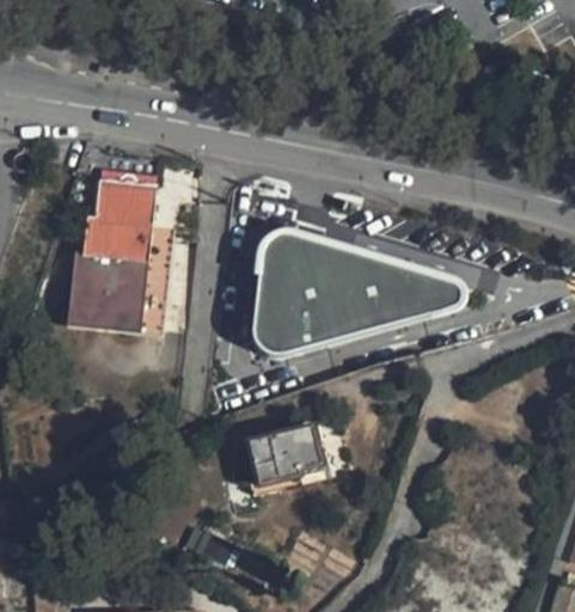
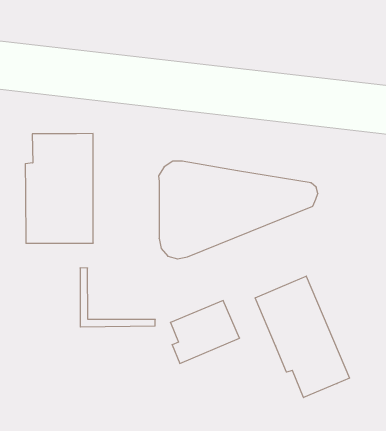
building: [65,247,161,332] -> [80,268,155,327]
building: none -> [255,276,350,398]

